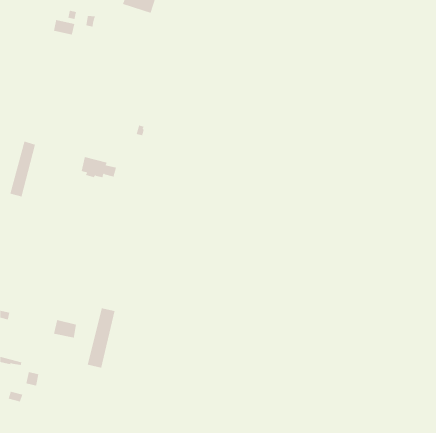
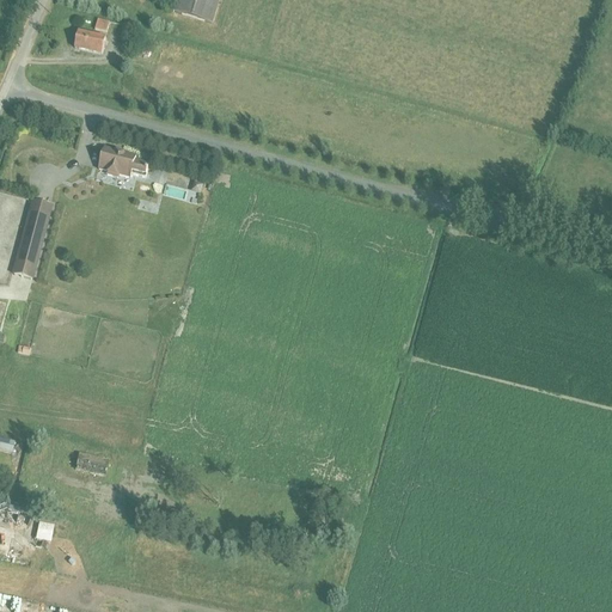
building: [81,157,117,178] -> [98,145,148,175]
building: [87,307,115,369] -> none

